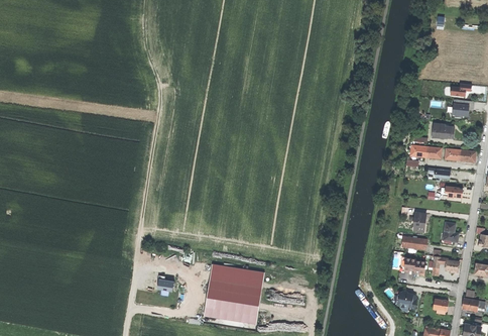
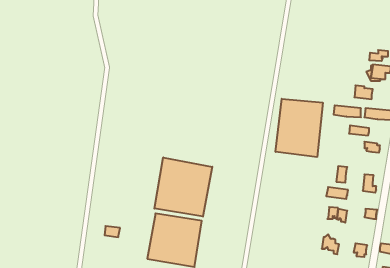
building: none -> [276,99,323,157]
building: none -> [154,157,212,217]

